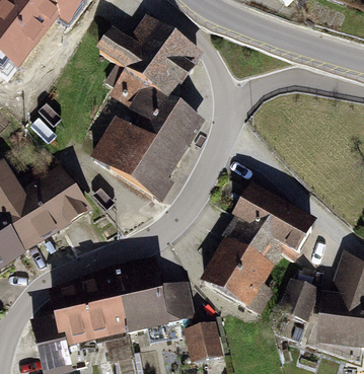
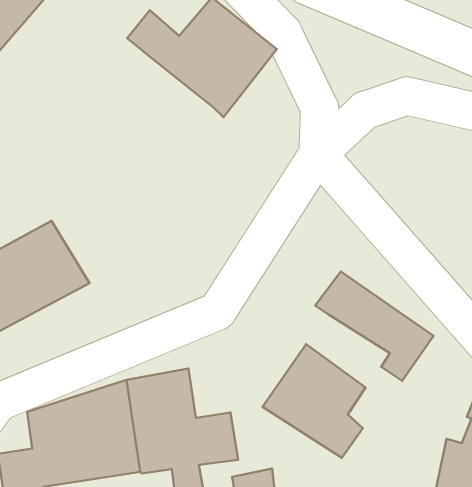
building: [94,63,199,197] -> none
building: [229,220,284,266] -> none
building: [280,283,317,319] -> none

